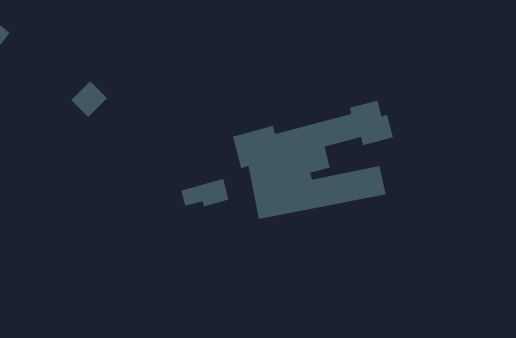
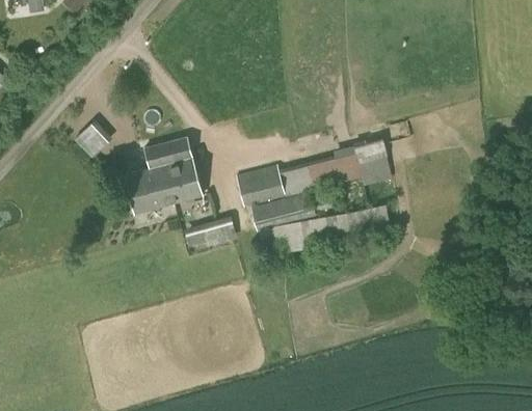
building: none -> [122,136,202,214]

